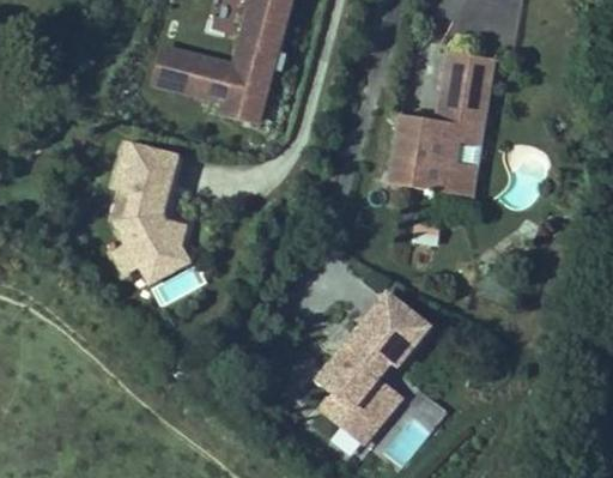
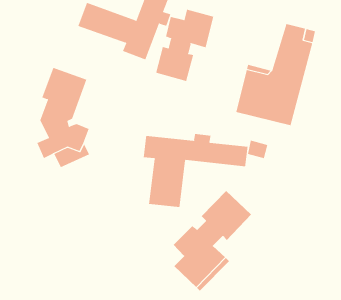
building: none -> [156,9,214,82]
building: none -> [143,133,248,208]

